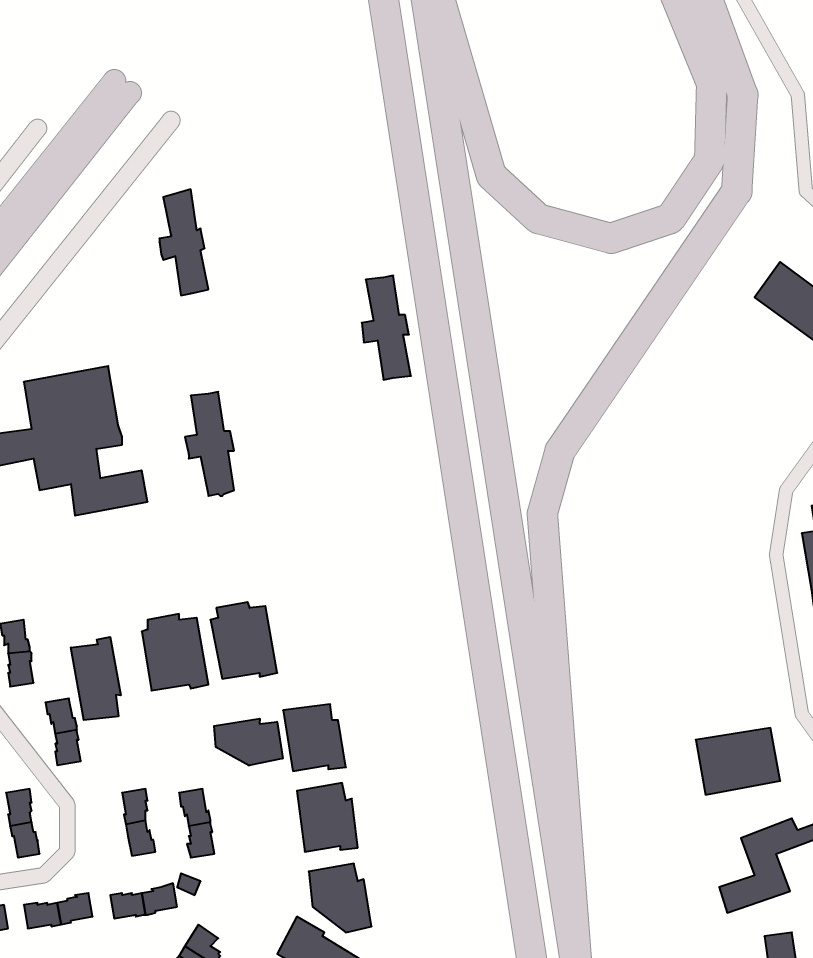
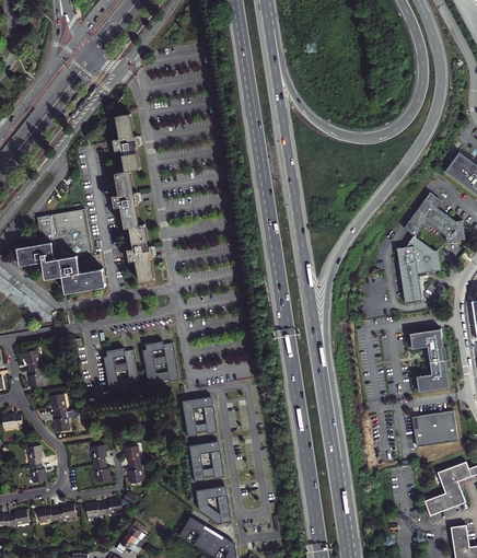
building: [362,276,411,380] -> [113,168,140,226]
building: none -> [396,191,465,303]
building: none -> [409,328,450,393]
building: [71,637,121,720] -> none
building: [214,719,283,766] -> none

